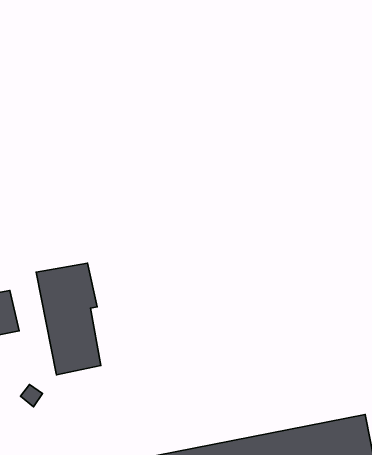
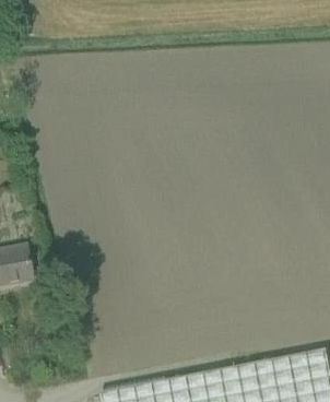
building: [36,263,101,375] -> none

